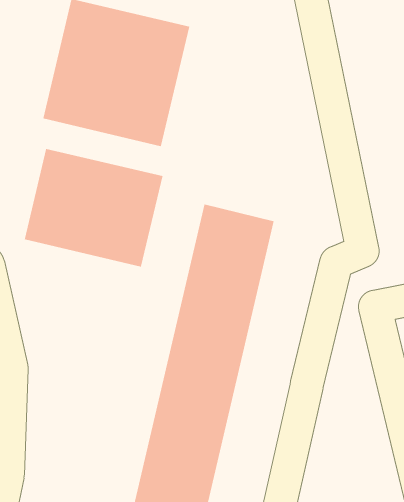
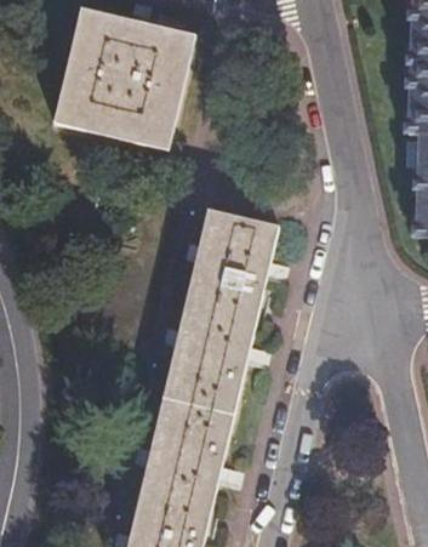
building: [24,148,163,267] -> none

